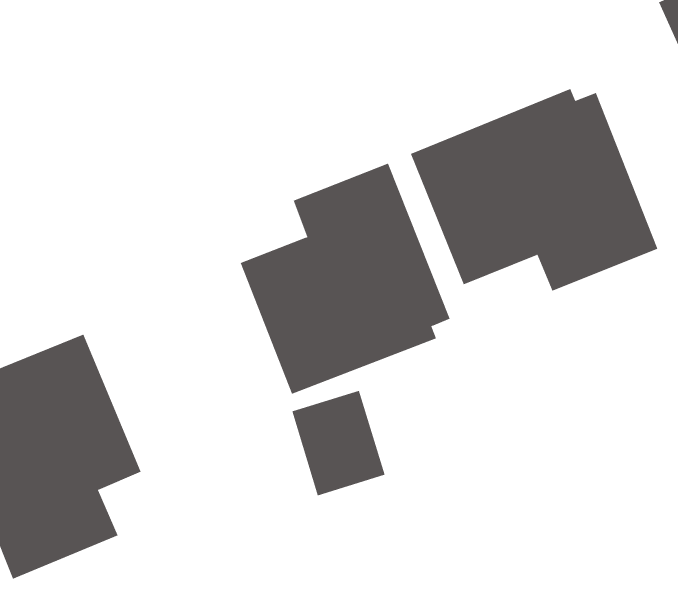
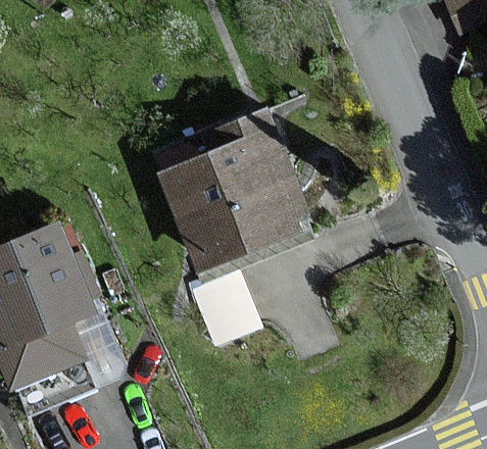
building: [410,88,658,291] -> none

